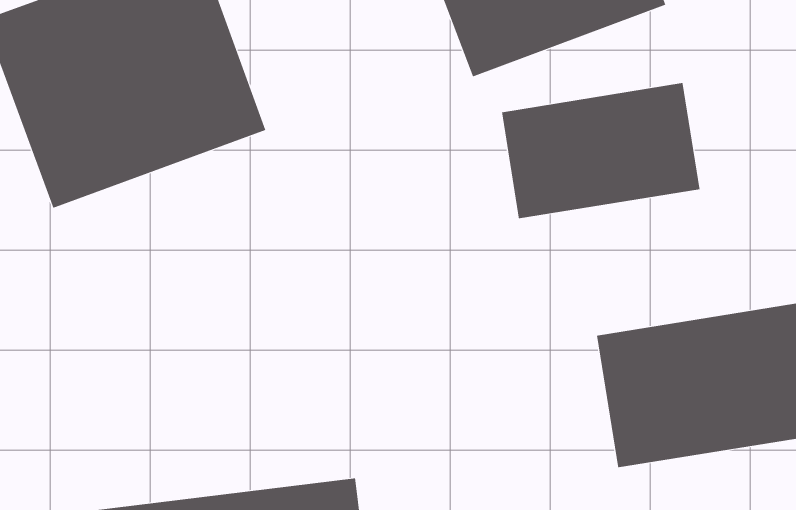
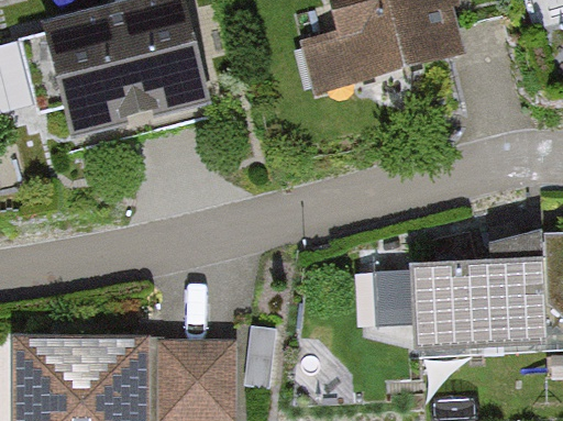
building: [501,82,700,219] -> none

